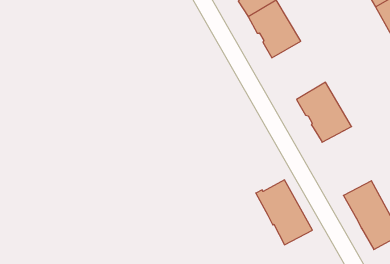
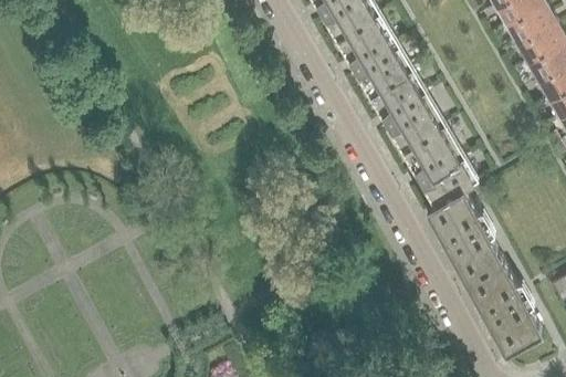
building: none -> [369,67,441,146]
building: [256,180,312,245] -> [427,188,503,275]

